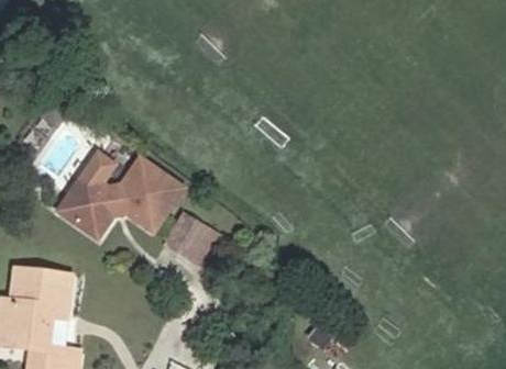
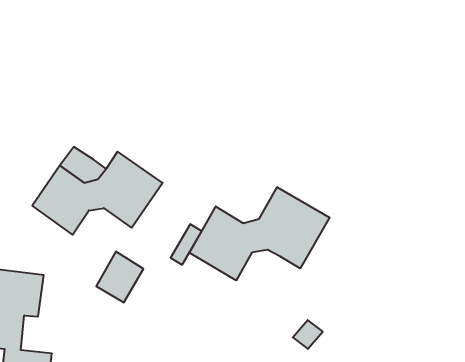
building: none -> [190,187,330,280]
building: [164,212,209,260] -> [96,252,143,302]

